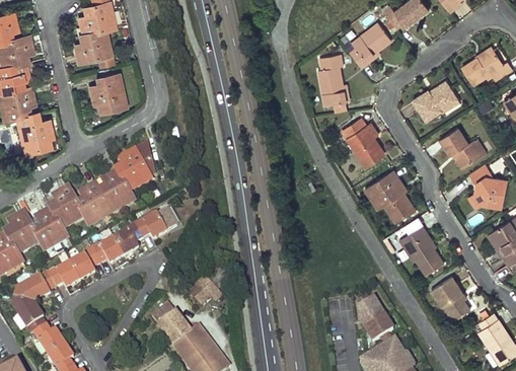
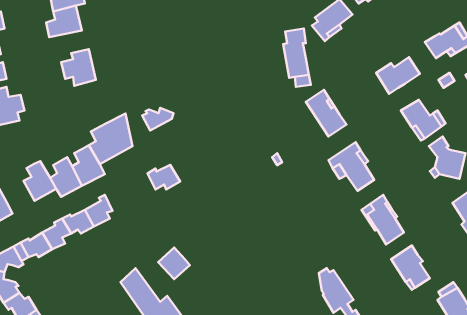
building: none -> [142,108,174,131]
building: [34,208,68,249] -> none
building: [135,213,168,238] -> [147,165,180,189]

